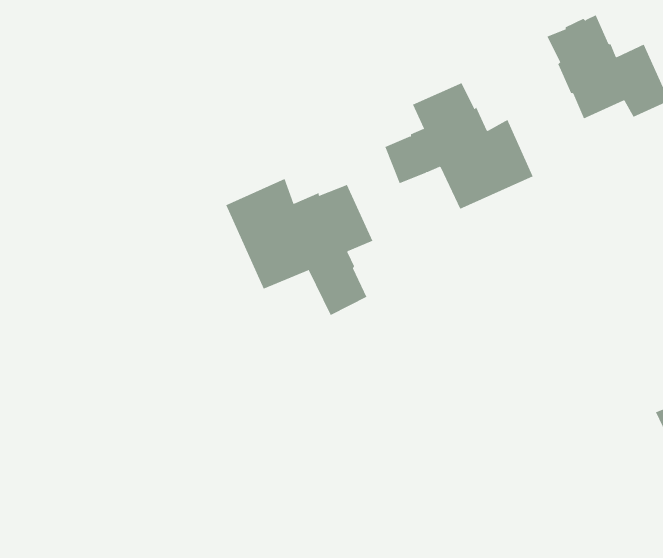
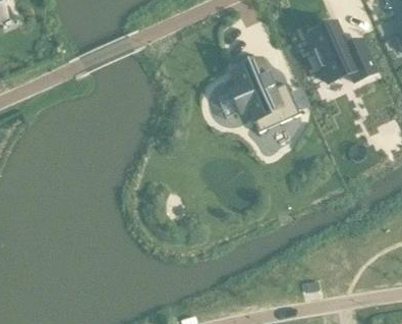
building: [225,178,373,316] -> none

